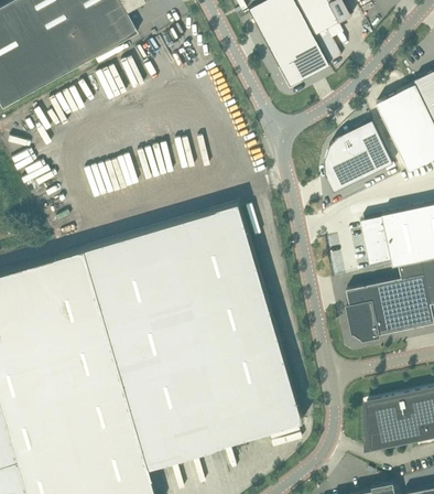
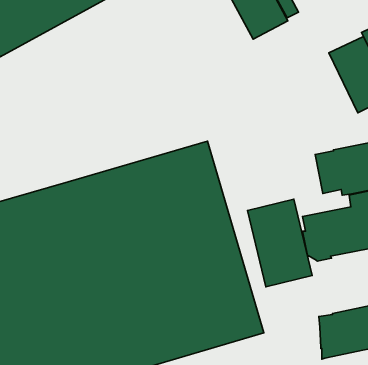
building: [323,120,393,193] -> none
building: none -> [247,199,312,287]

